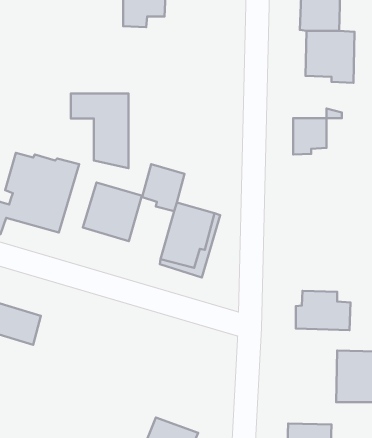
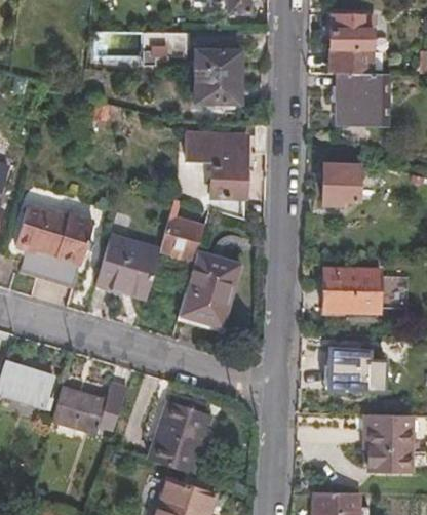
building: none -> [197,50,242,103]
building: [71,93,128,168] -> [186,140,247,220]
building: none -> [326,268,384,313]
building: none -> [51,381,129,433]
building: none -> [148,397,212,472]

